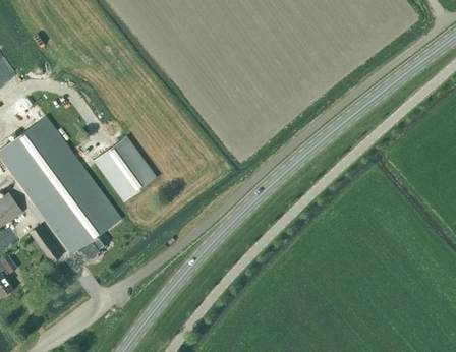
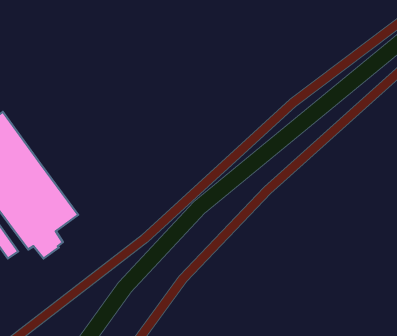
building: [94,136,157,201] -> none

